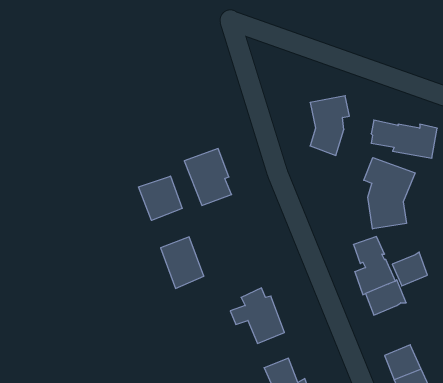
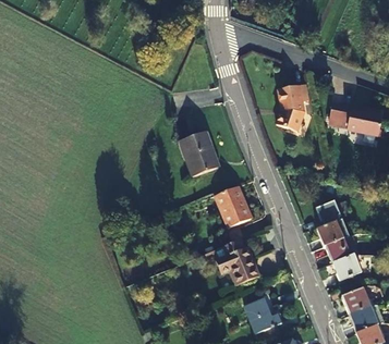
building: [364,158,415,229] -> none
building: [139,176,182,220] -> none
building: [161,237,204,288] -> [217,186,252,228]
building: [392,252,427,286] -> [331,254,360,281]

